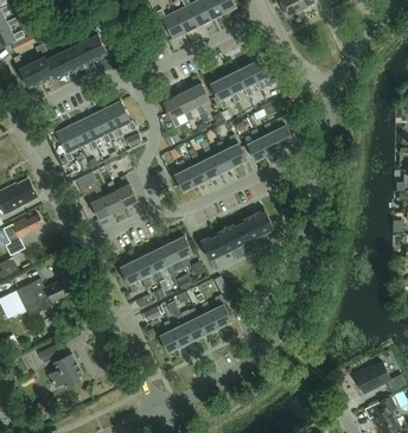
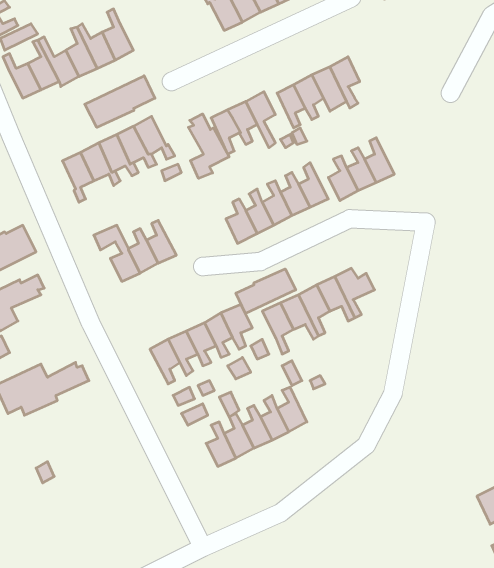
building: none -> [85,76,155,127]
building: none -> [188,114,229,178]
building: none -> [236,269,296,313]
building: [49,355,81,388] -> none

